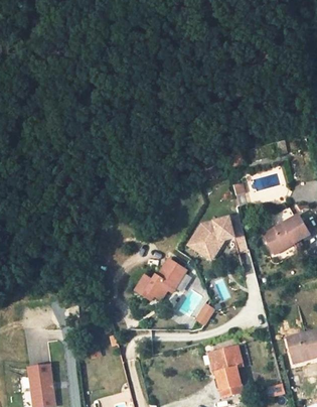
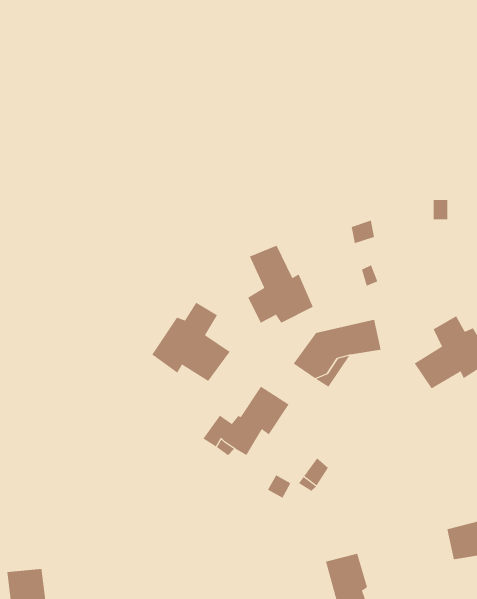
building: none -> [248,245,314,324]
building: none -> [152,302,230,382]

